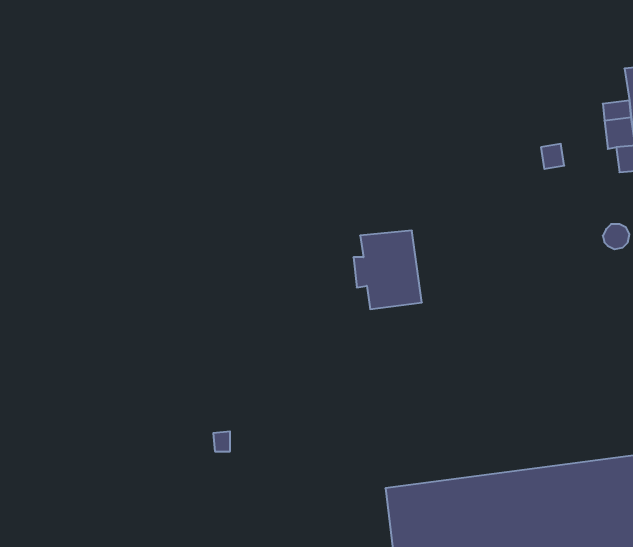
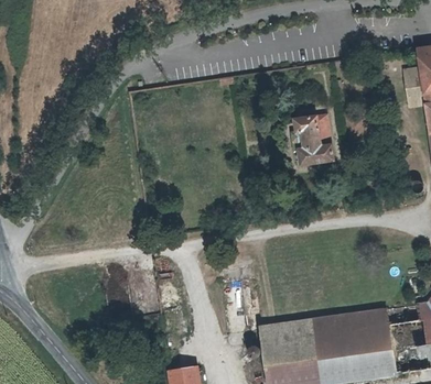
building: [353,231,422,309] -> [287,111,332,163]

